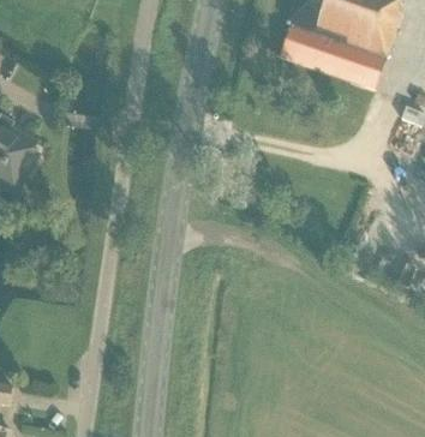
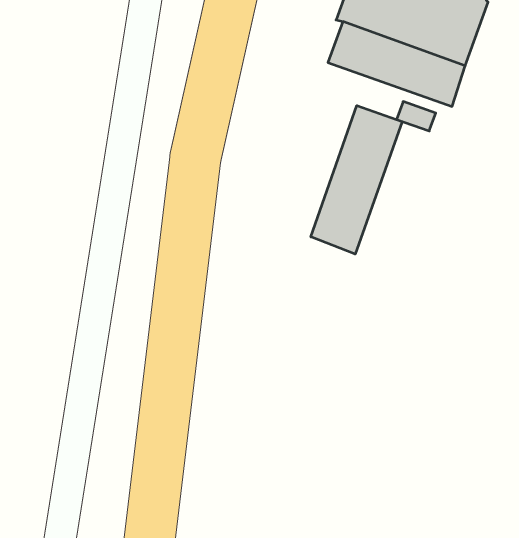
building: none -> [311,106,402,254]

